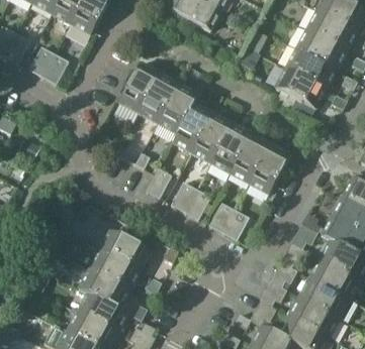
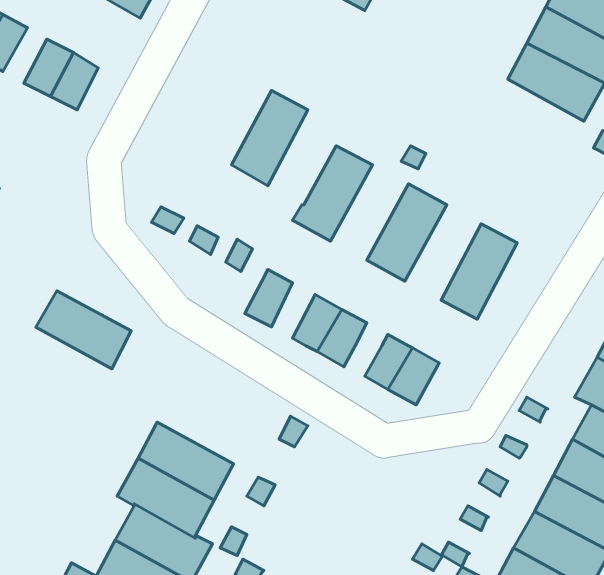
building: [111,65,159,126] -> none
building: [274,69,325,111] -> none
building: [157,85,198,135] -> none
building: [190,114,232,164] -> none
building: [230,135,270,186] -> none
building: [98,231,149,272] -> [36,291,131,369]

